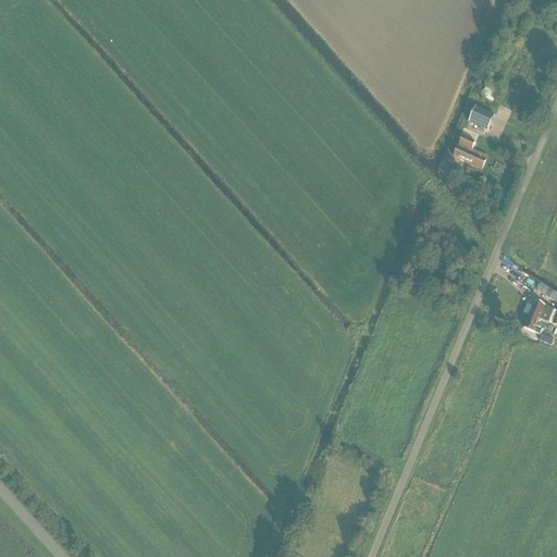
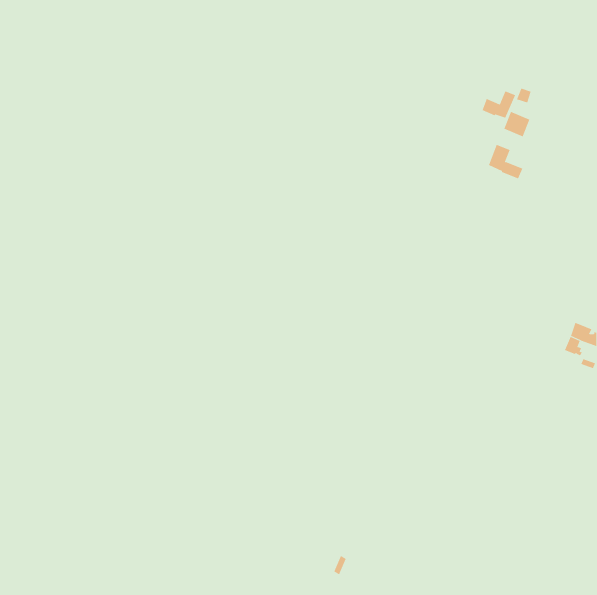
building: none -> [482,90,516,119]

